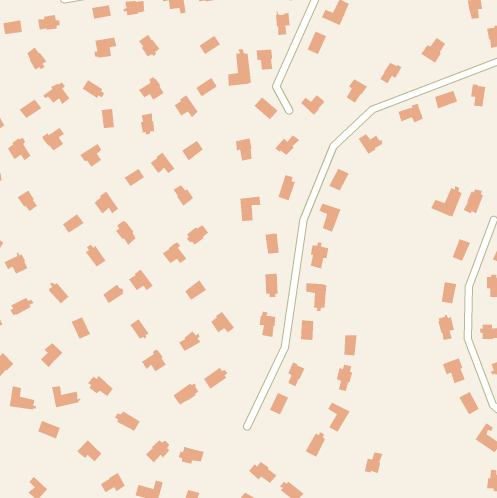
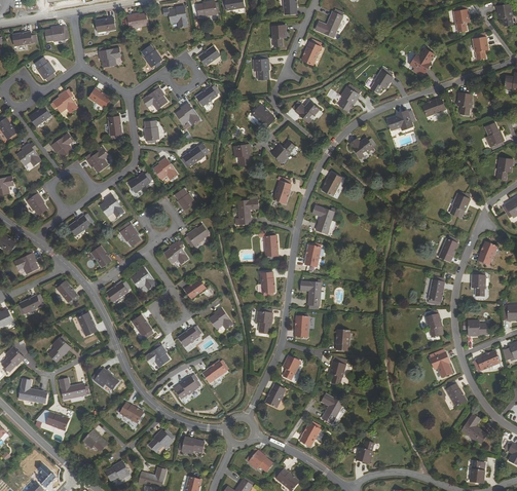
building: [227,49,252,86] -> none
building: [430,185,463,217] -> none

